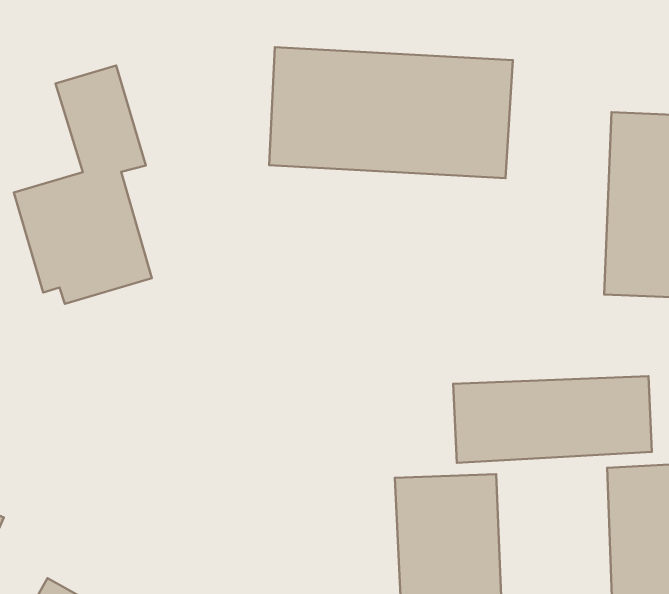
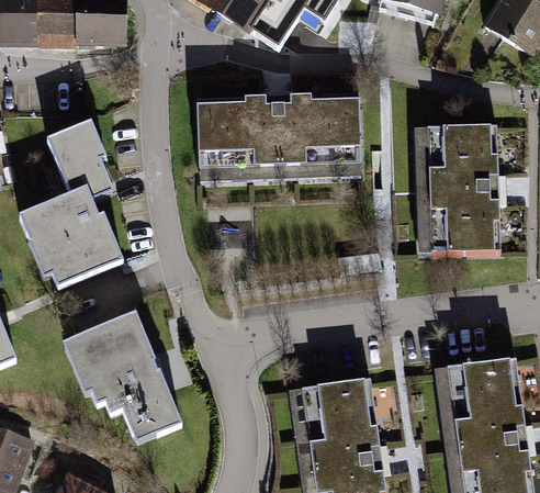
building: none -> [64,311,180,437]
building: [453,376,652,463] -> none

